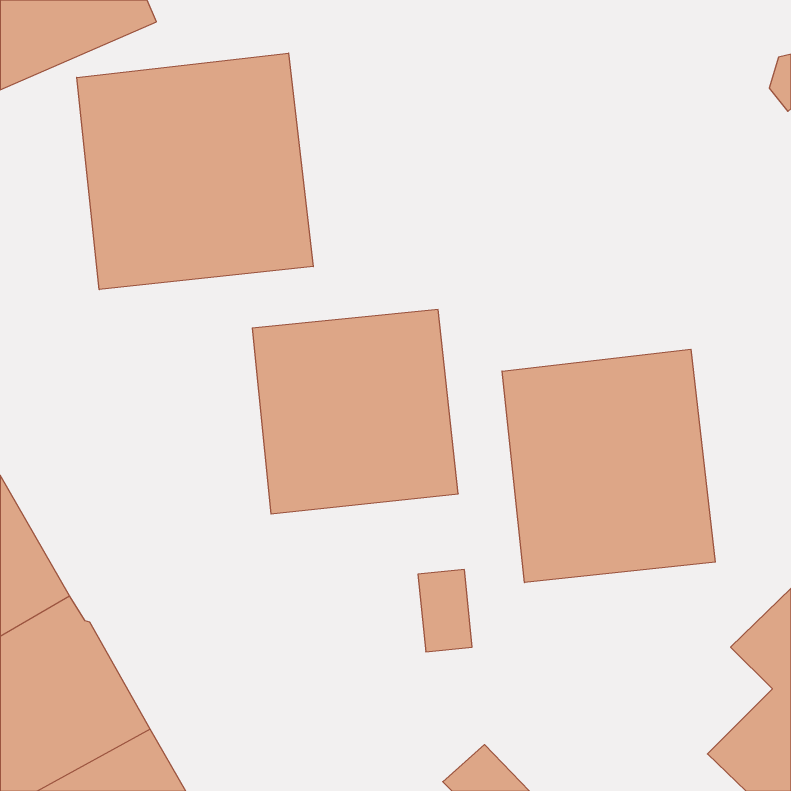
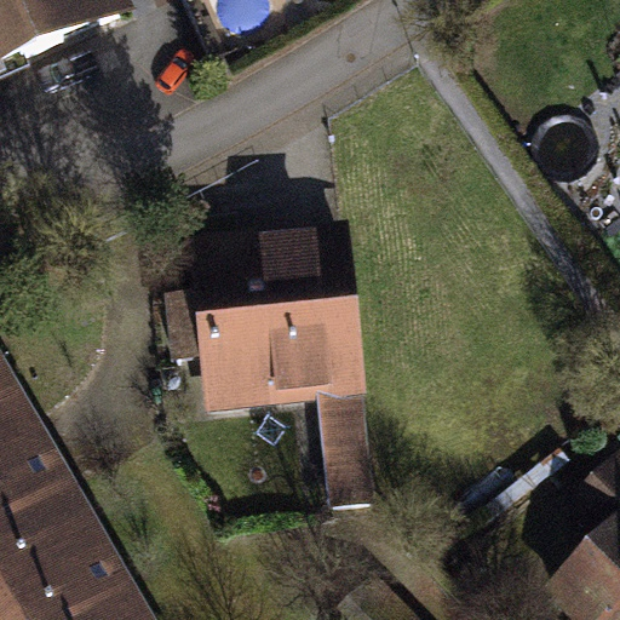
building: [77,53,313,290] -> none
building: [502,349,715,583] -> none

